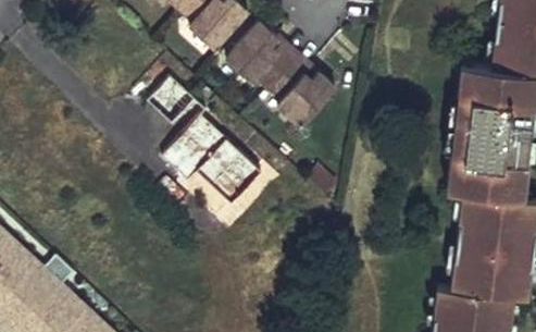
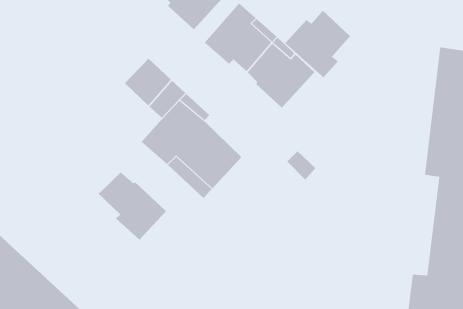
building: none -> [284,10,351,78]
building: none -> [98,172,167,241]

